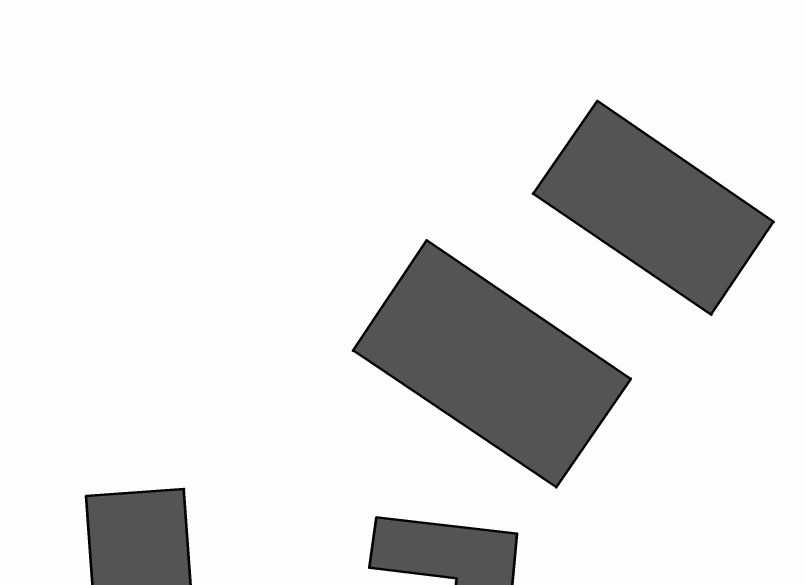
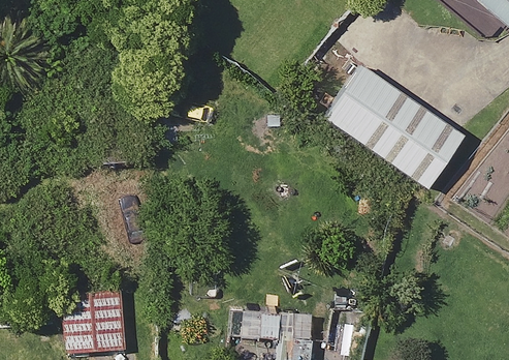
building: [353,240,631,487] -> none

